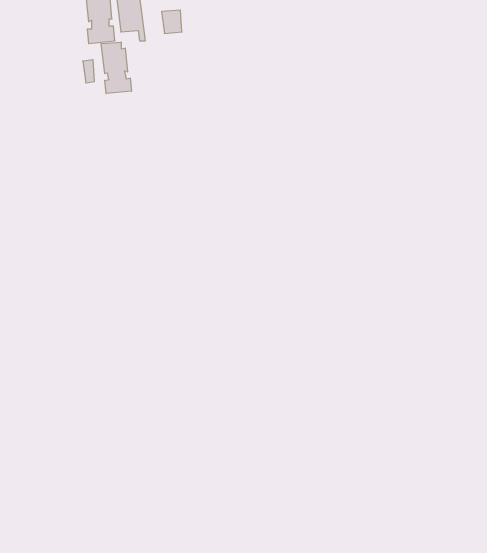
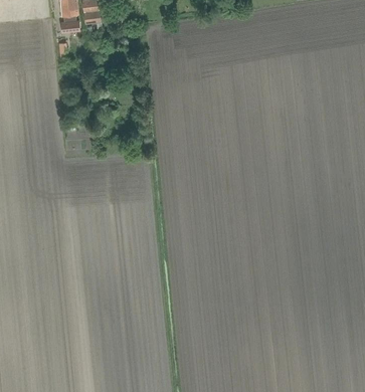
building: [101,42,131,94] -> none

